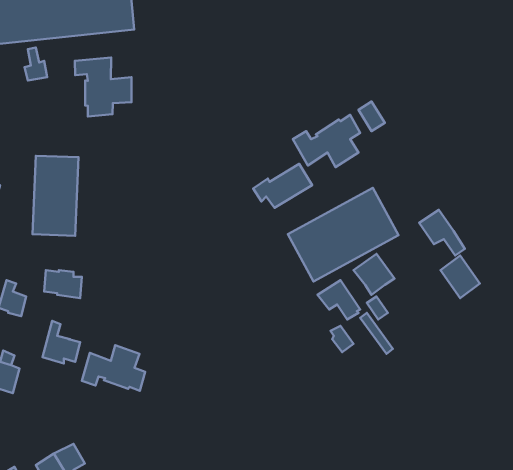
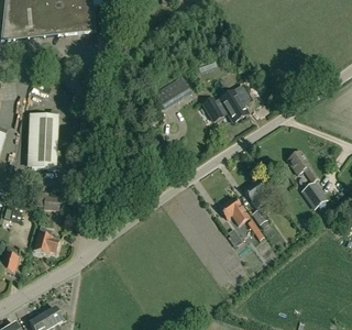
building: [75,58,132,117] -> none
building: [253,164,312,208] -> [150,76,189,106]
building: [288,188,398,282] -> none
building: [82,345,145,391] -> none

